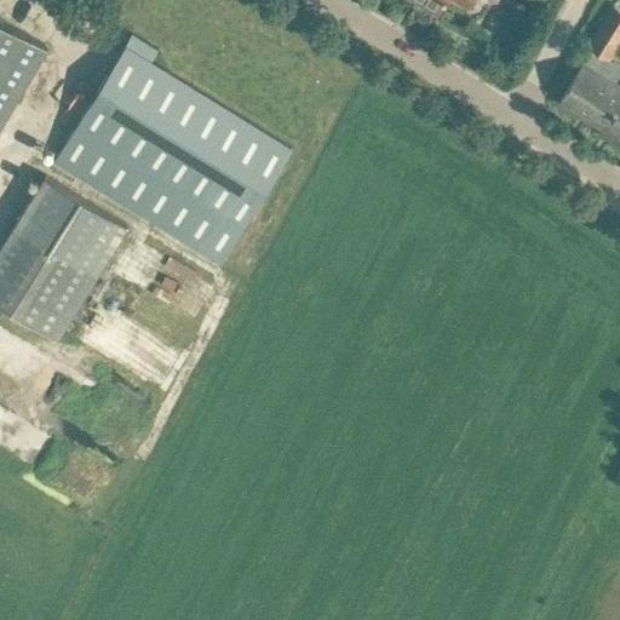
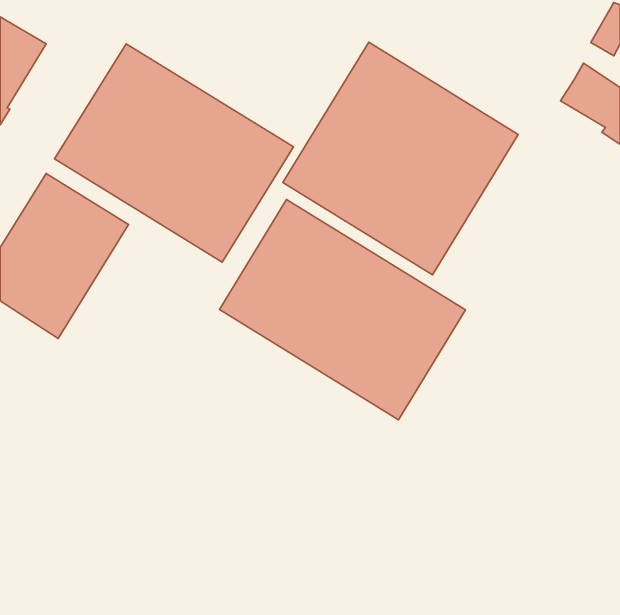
building: none -> [283,42,518,275]
building: none -> [219,200,466,420]

